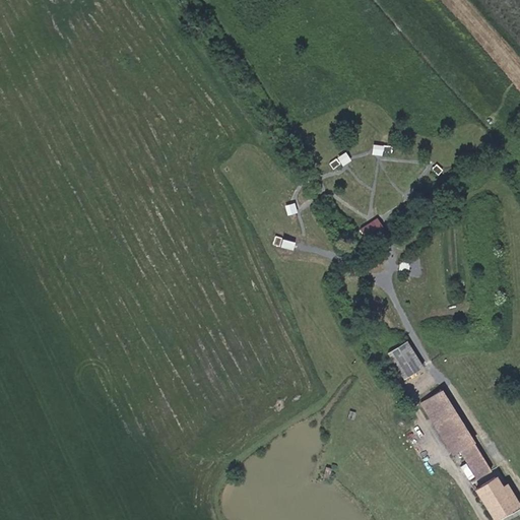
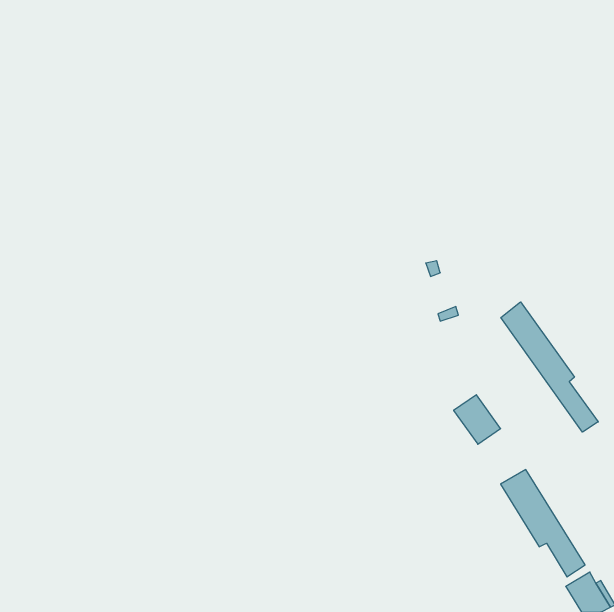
building: none -> [501,302,598,432]

